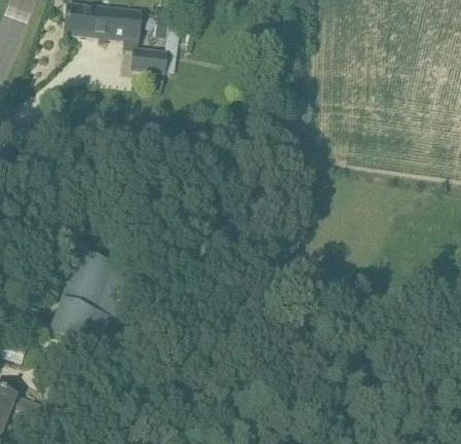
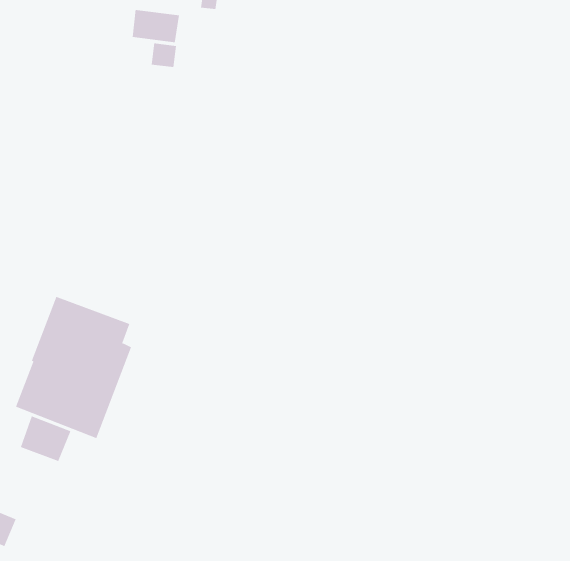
building: none -> [20,416,71,462]

